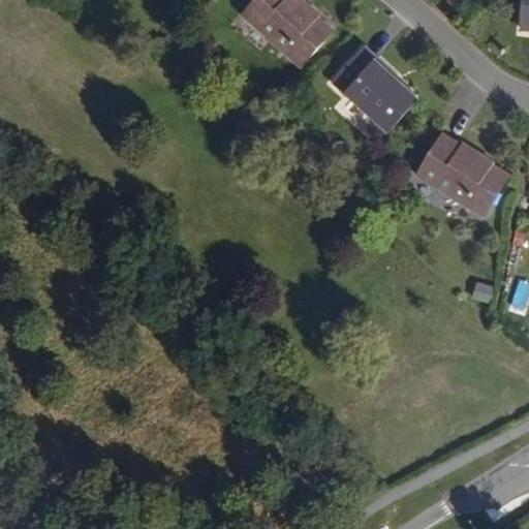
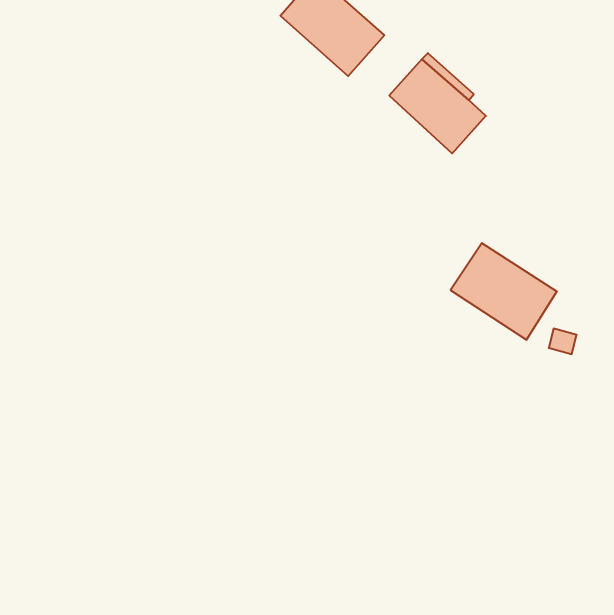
building: [416,134,507,217] -> [451,243,557,340]

